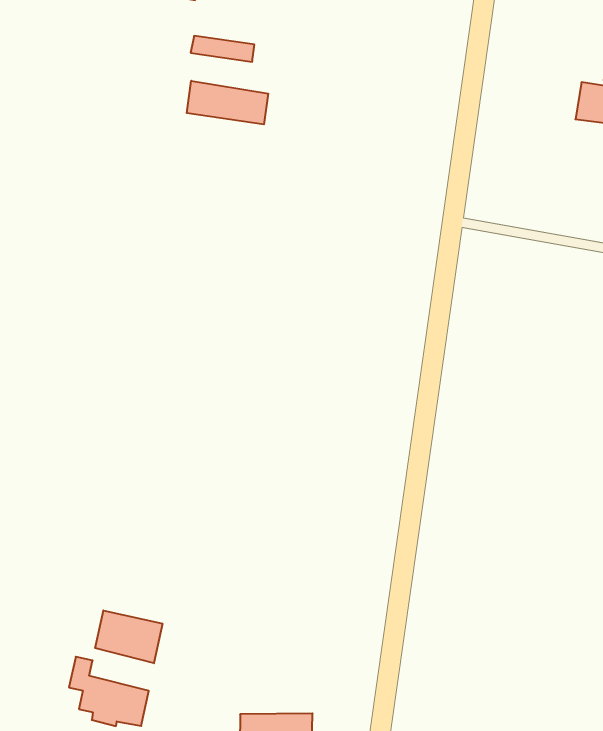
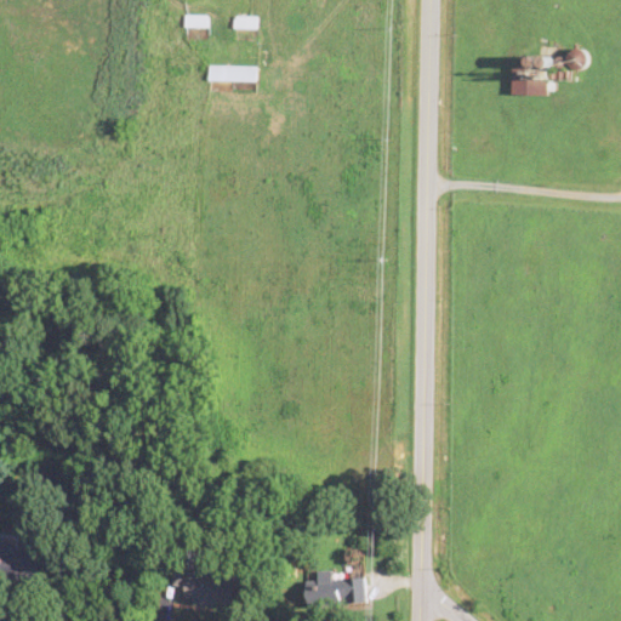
building: [187,81,268,124] -> none
building: [95,610,162,663] -> none

